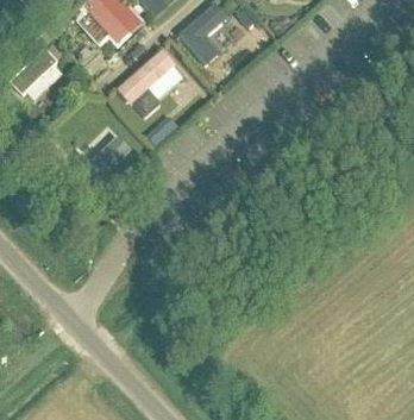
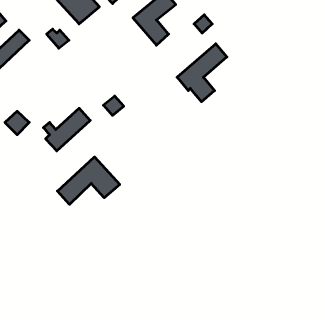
building: [117,49,175,117] -> [177,44,227,102]
building: none -> [57,157,120,204]

